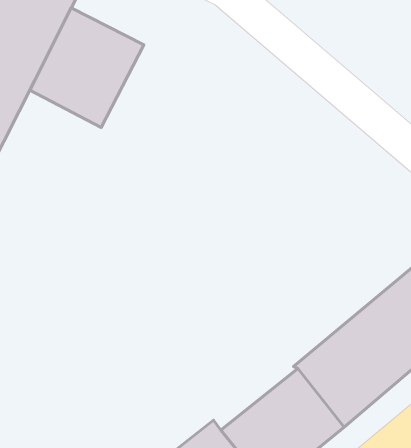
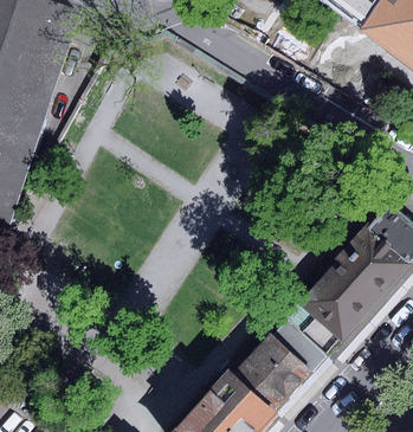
building: [30,8,144,128] -> none

